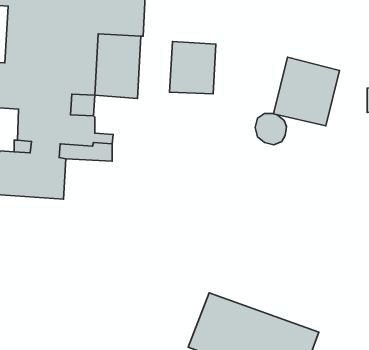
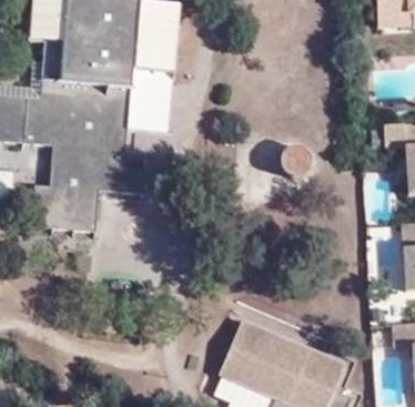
building: [170,42,216,94] -> none
building: [273,57,340,126] -> none

